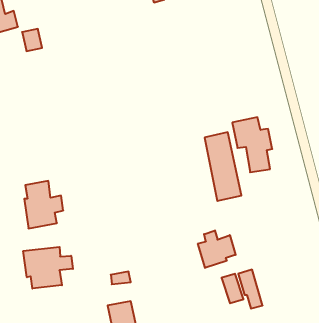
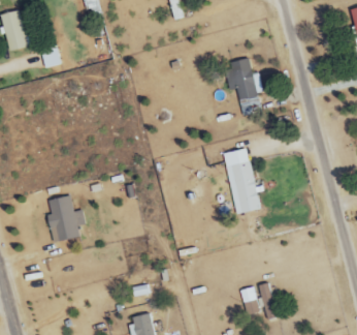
building: [232,117,272,172] -> [225,60,264,114]
building: [198,230,236,268] -> none
building: [23,247,73,289] -> none

